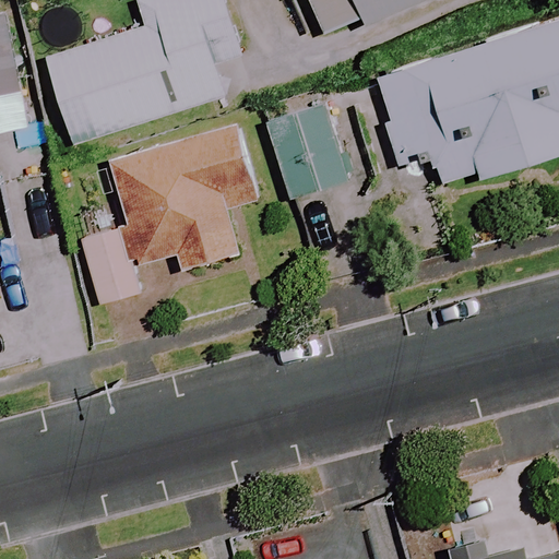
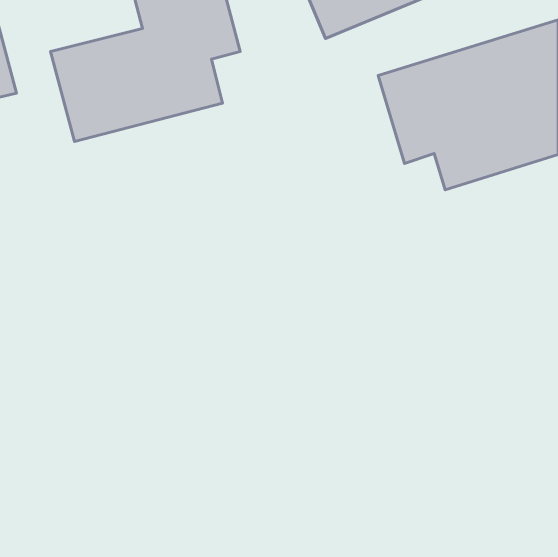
building: [267,106,348,201] -> none
building: [82,123,259,304] -> none

